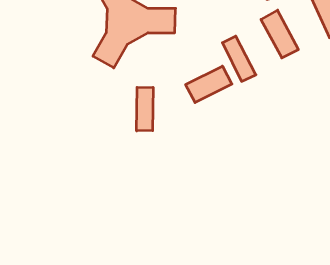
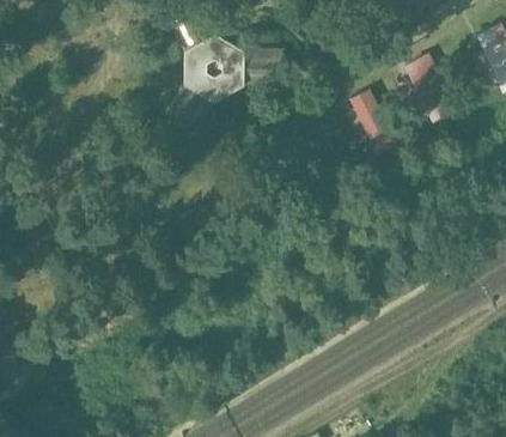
building: [186,66,232,103] -> none
building: [137,87,153,131] -> none

